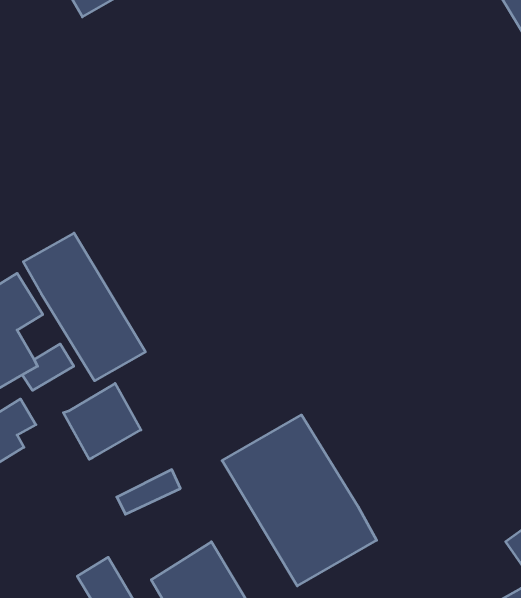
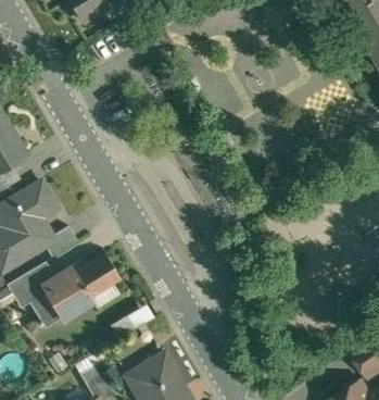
building: [23,233,145,381] -> none
building: none -> [41,267,91,318]
building: [222,415,377,586] -> none

